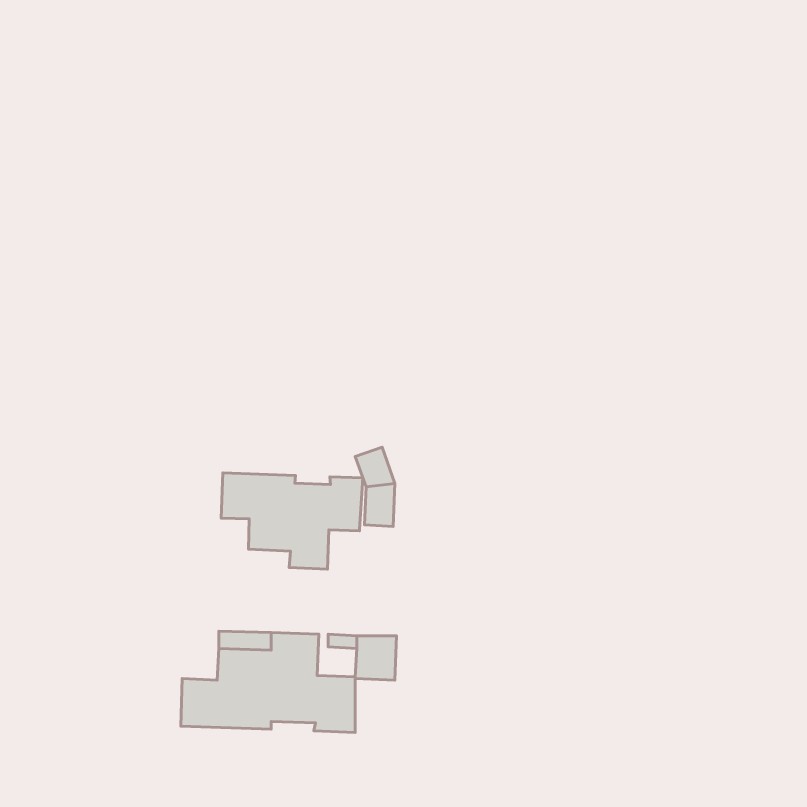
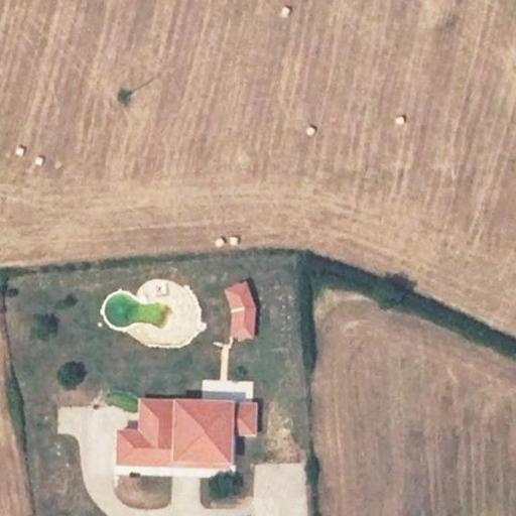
building: [221,473,363,569] -> none

